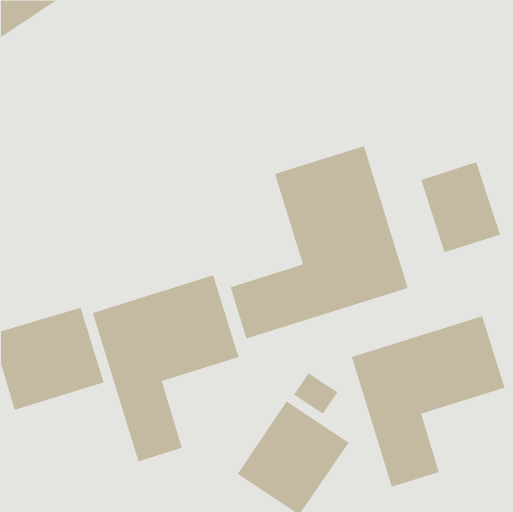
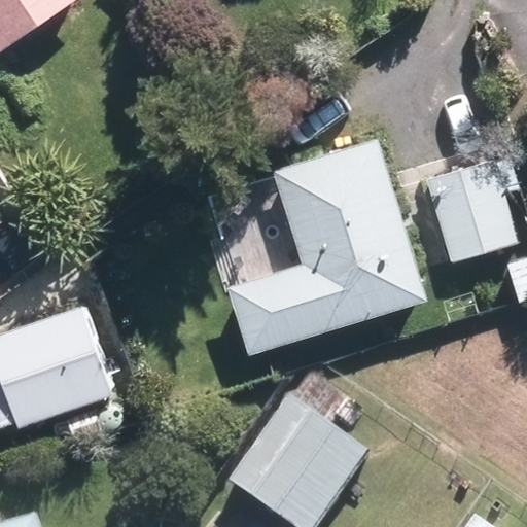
building: [92,275,239,462] -> none
building: [351,315,505,488] -> none

